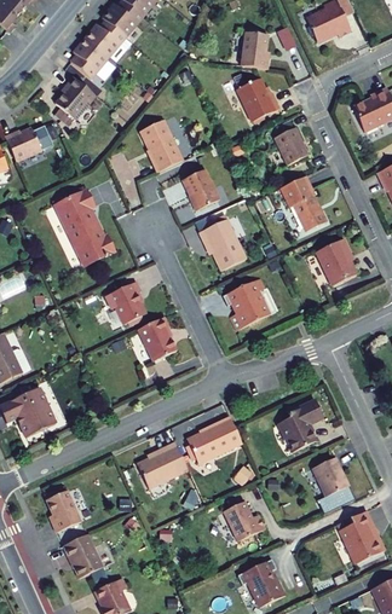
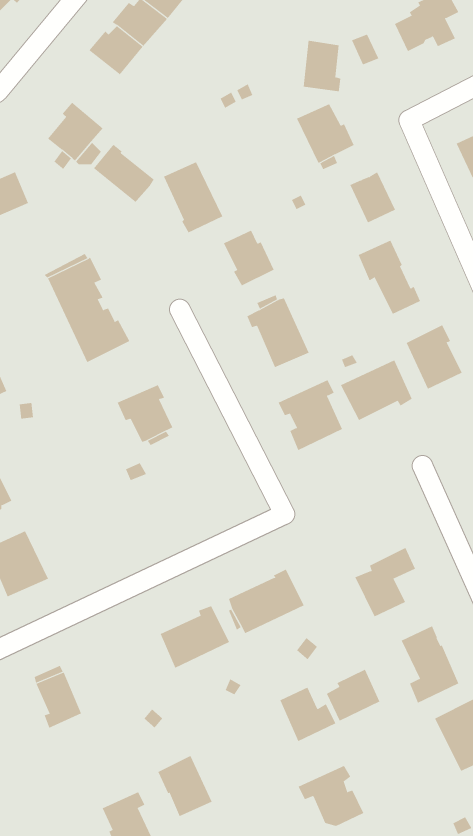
building: [70,39,108,77] -> none
building: none -> [93,144,155,203]
building: none -> [340,359,413,421]
building: [138,317,177,361] -> none
building: none -> [326,669,380,721]
building: [63,533,103,578] -> [158,755,212,817]

